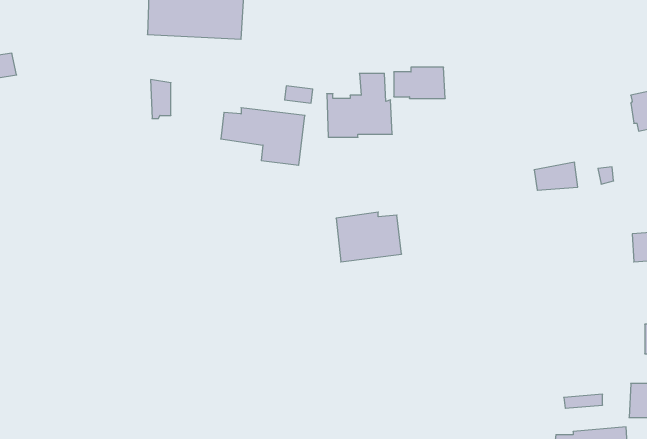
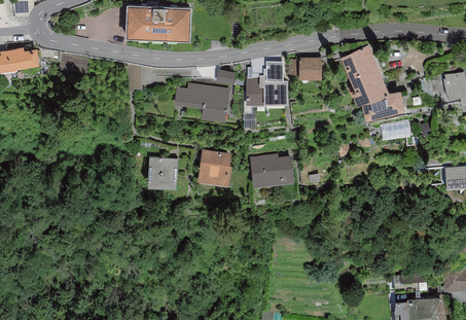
building: none -> [340,46,404,117]
building: none -> [198,150,231,185]
building: none -> [147,157,178,186]

